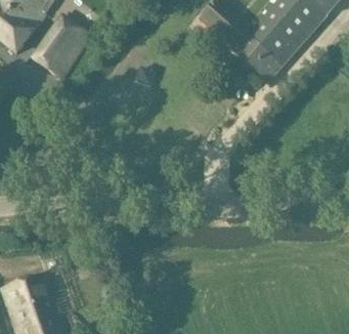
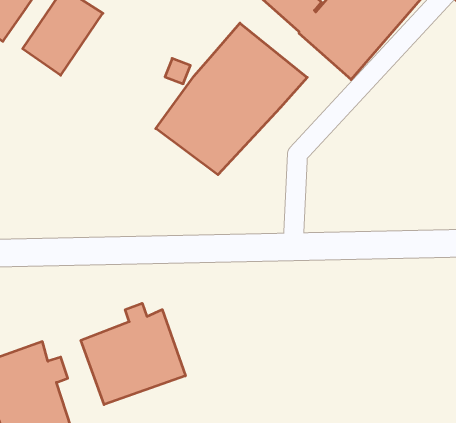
building: none -> [156,23,307,175]
building: none -> [81,303,185,405]

